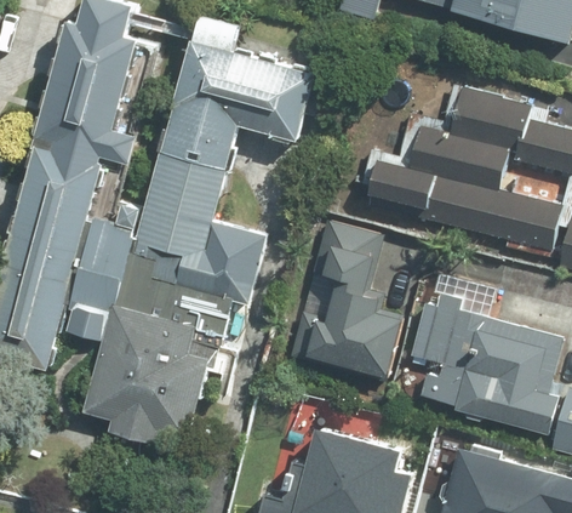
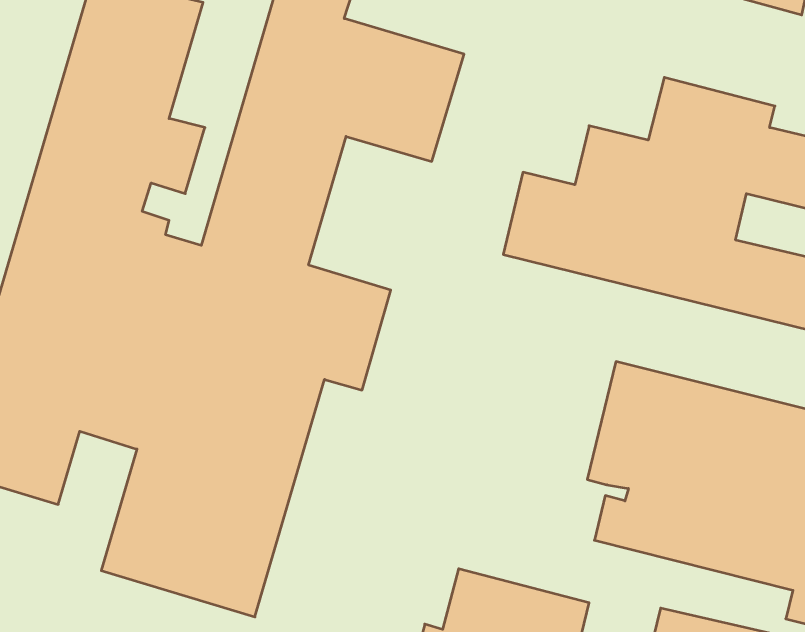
building: [286,216,406,381] -> none

